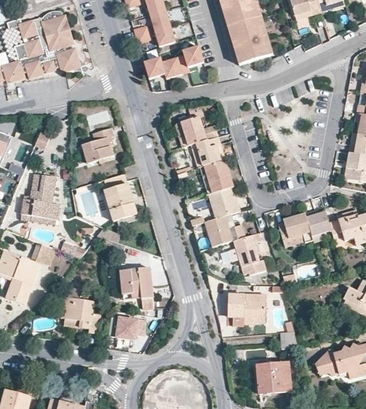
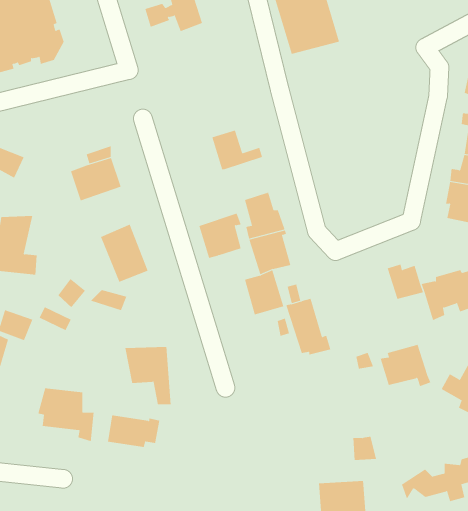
building: [145,45,203,79] -> none
building: [191,134,221,166] -> [199,213,241,259]
building: [278,212,314,242] -> [380,344,431,387]
building: [228,293,266,324] -> none

